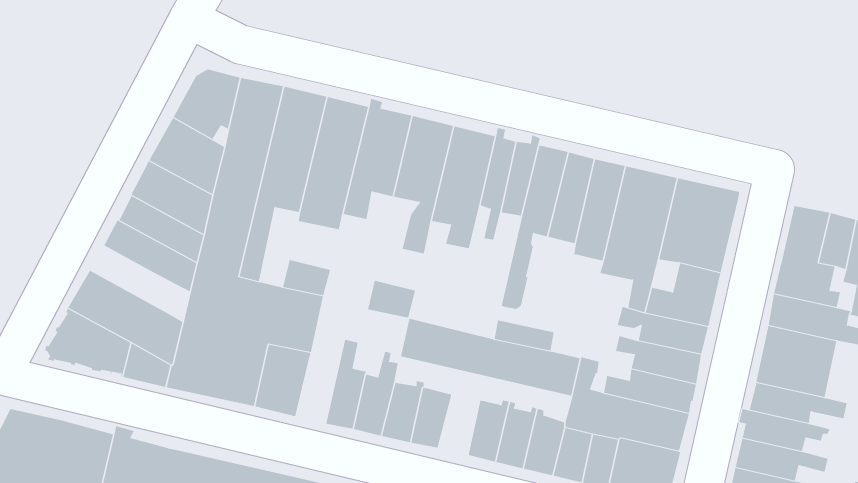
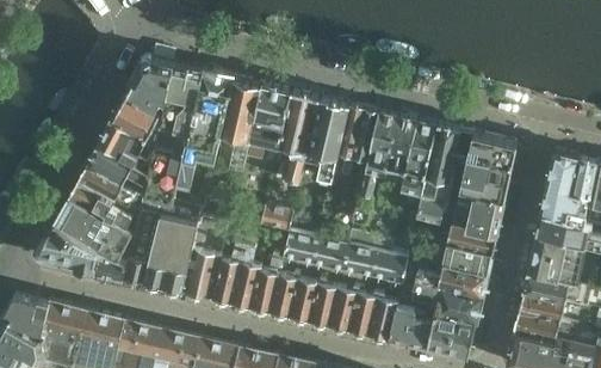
building: none -> [69,182,131,229]
building: none -> [211,244,244,305]
building: none -> [309,281,337,326]

